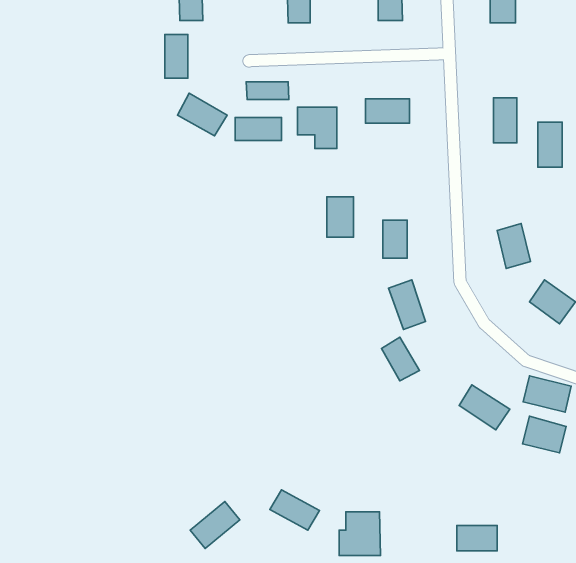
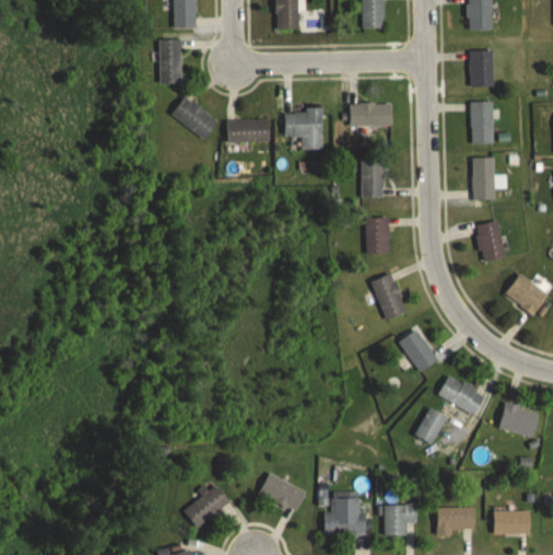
building: none -> [470,49,493,86]
building: [246,82,289,100] -> none
building: [538,122,562,167] -> [472,158,495,200]
building: [327,197,354,237] -> [361,159,386,197]
building: [381,337,419,381] -> [400,329,436,371]
building: [523,376,571,412] -> none
building: none -> [413,406,447,444]
building: none -> [385,505,416,536]
building: none -> [493,510,529,533]

